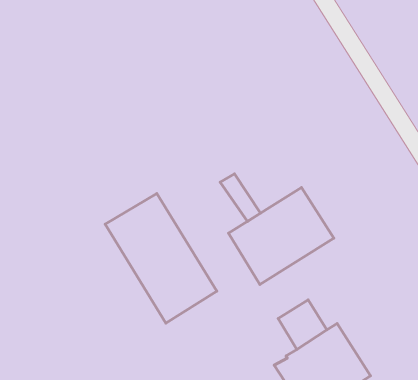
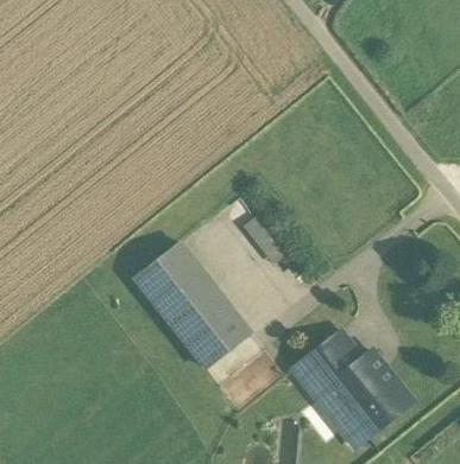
building: [229,188,334,284] -> none
building: none -> [292,351,335,398]

